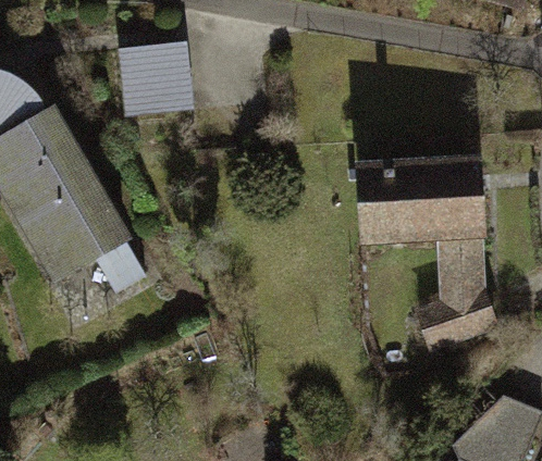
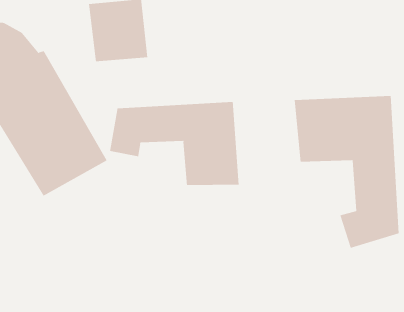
building: none -> [110,101,239,186]

